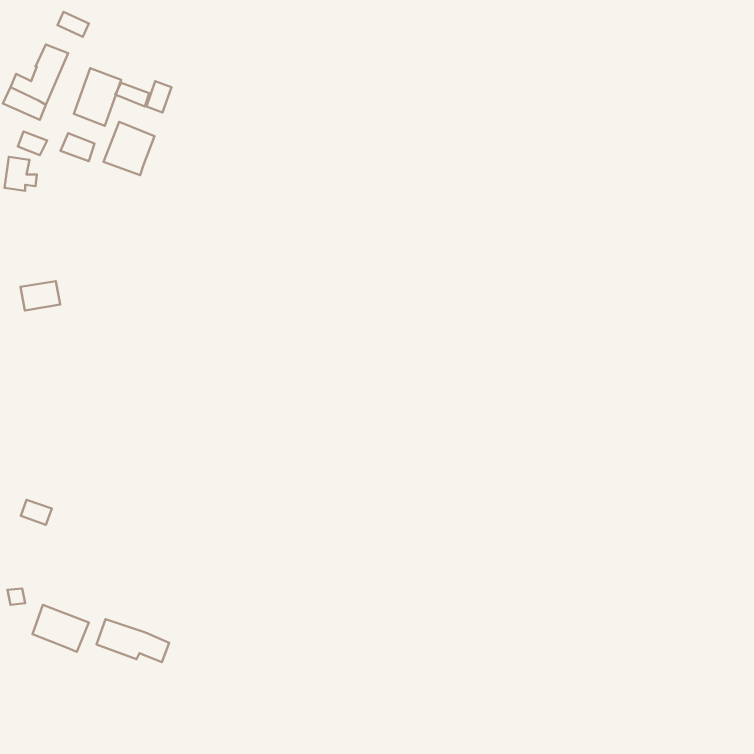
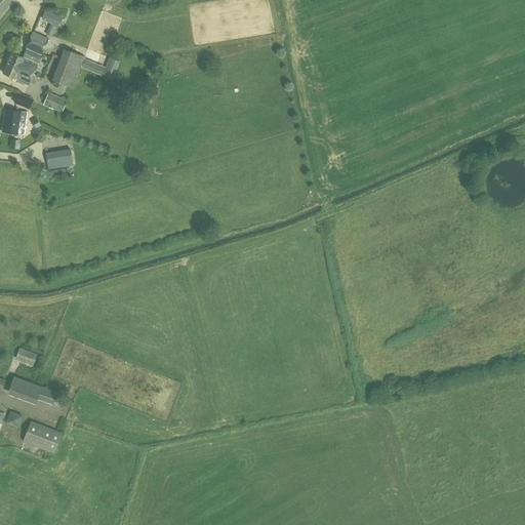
building: [104,122,155,175] -> none
building: [20,281,60,311] -> [44,149,72,169]
building: [97,619,169,662] -> [7,375,57,405]

